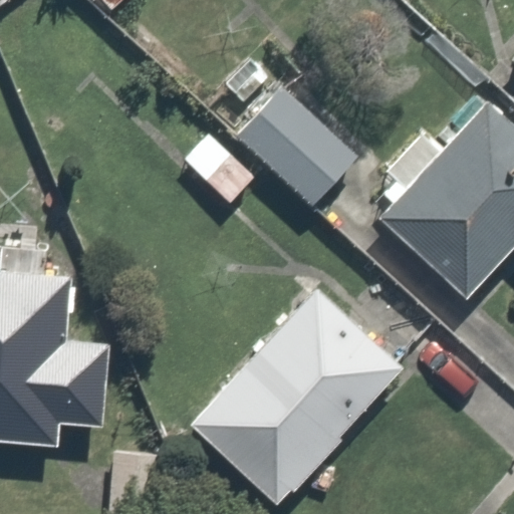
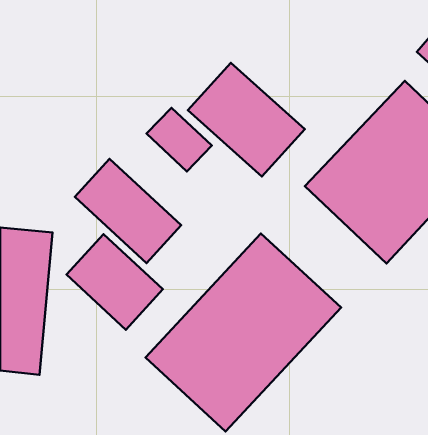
building: none -> [75,159,181,263]
building: none -> [66,234,163,330]

